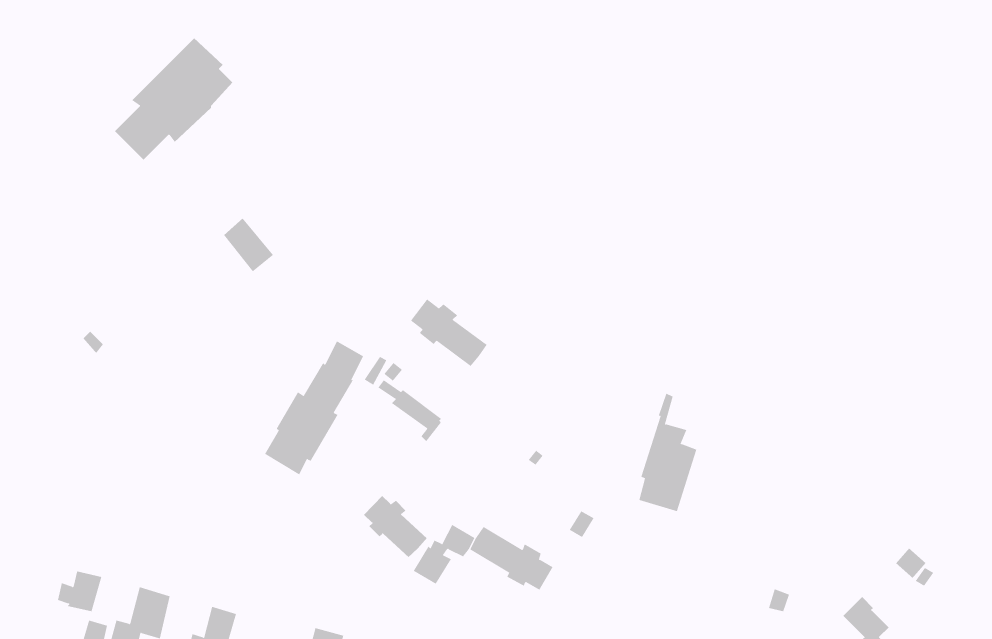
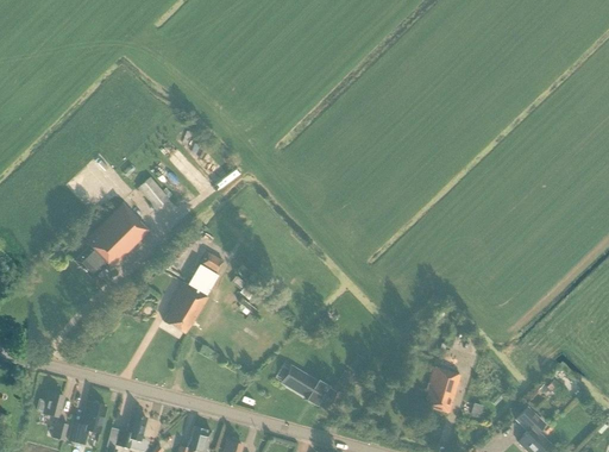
building: [114,38,233,161] -> [74,203,146,278]
building: [410,299,488,367] -> none
building: [638,393,697,512] -> [425,340,460,413]
building: [363,495,428,558] -> none

